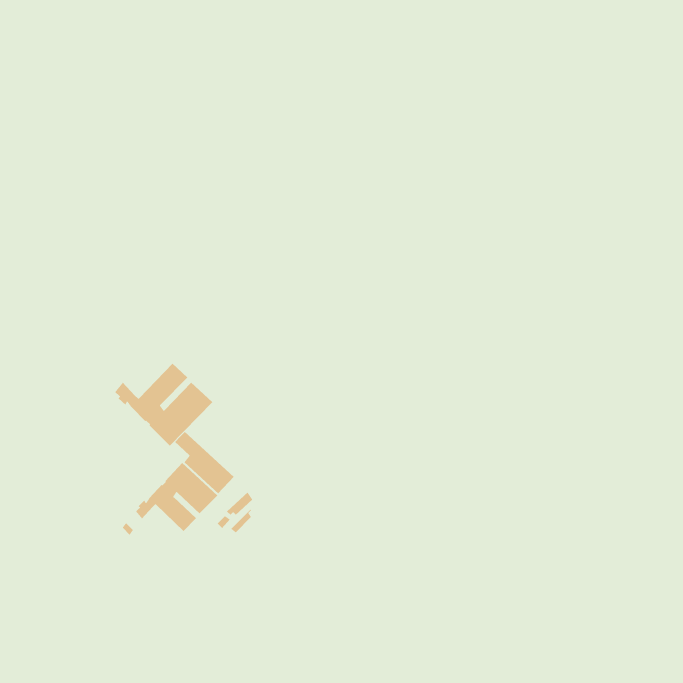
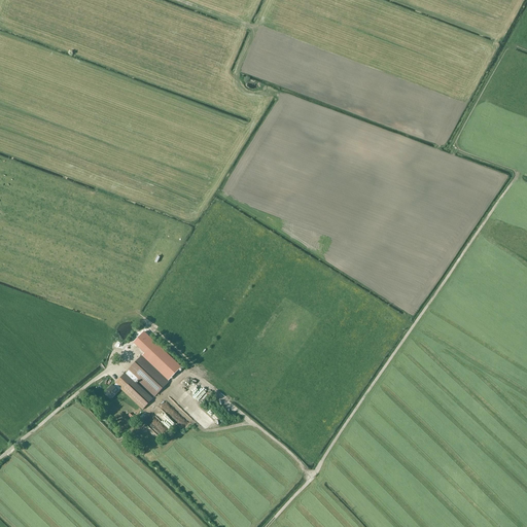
building: [115,363,213,446] -> none

